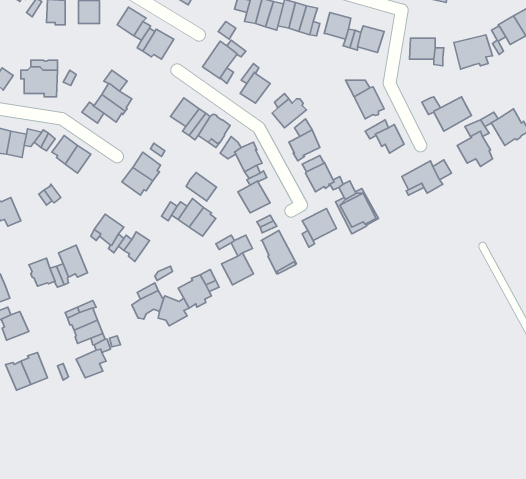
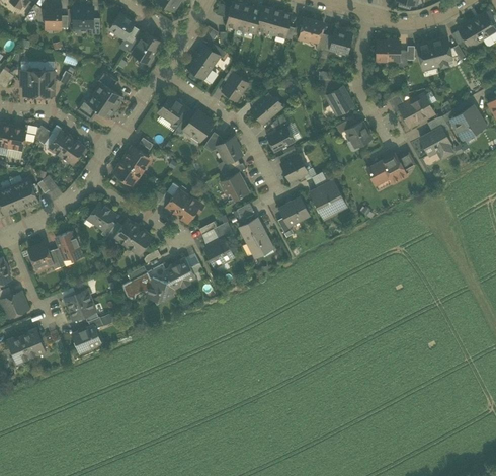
building: [186,173,216,201] -> none
building: none -> [12,179,38,209]
building: none -> [126,227,152,255]

